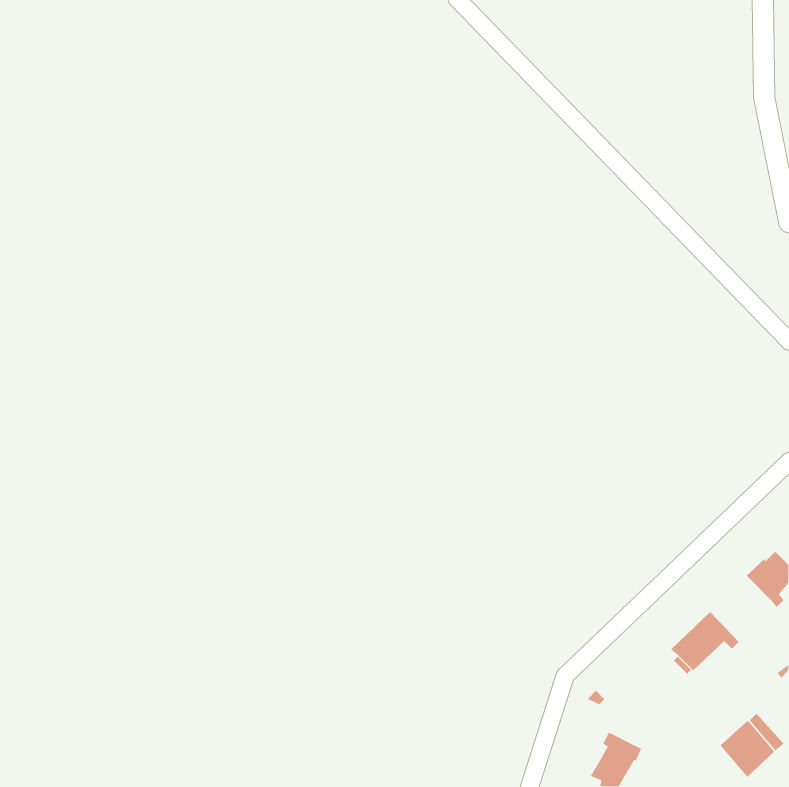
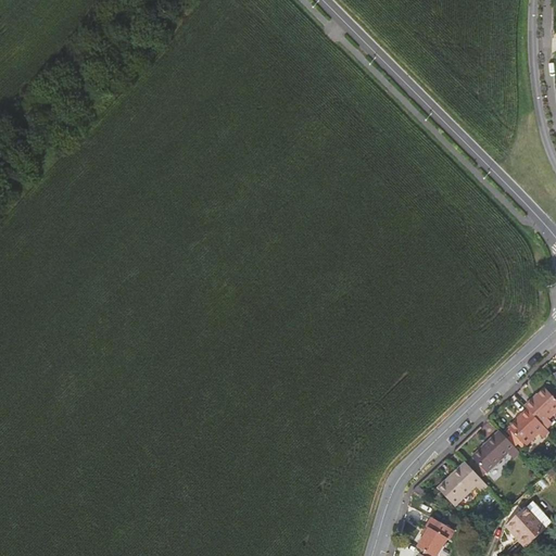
building: none -> [509,408,548,445]
building: none -> [438,462,488,505]

